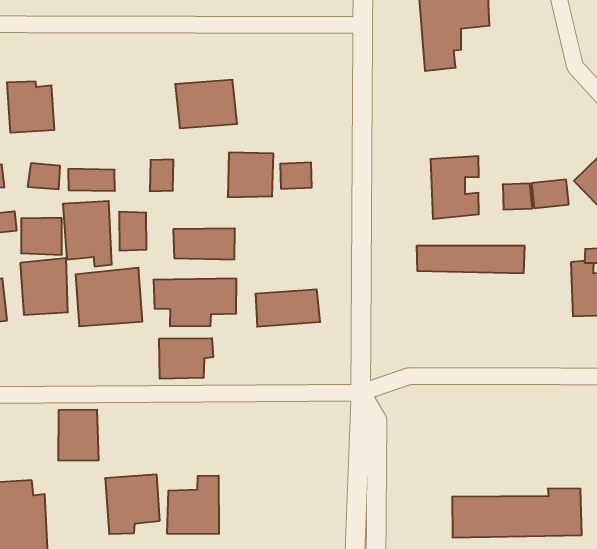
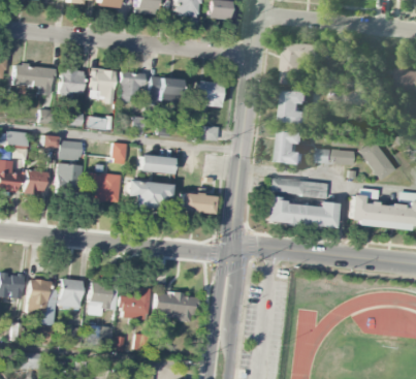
building: none -> [121,71,145,102]
building: none -> [285,90,312,124]
building: [228,153,273,197] -> [195,80,222,105]
building: [63,201,112,266] -> [91,68,117,103]
building: [159,338,213,379] -> none
building: [58,410,99,460] -> [59,278,83,307]
building: none -> [155,291,198,320]
building: [452,489,582,537] -> [265,199,337,227]

